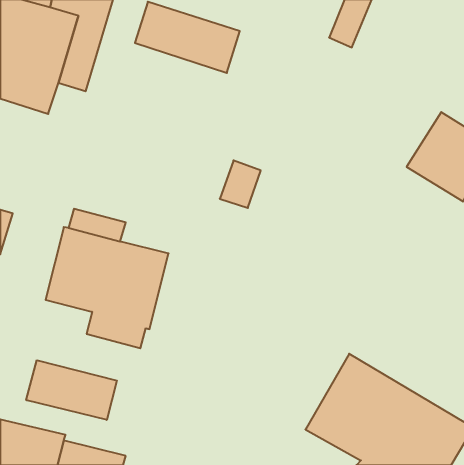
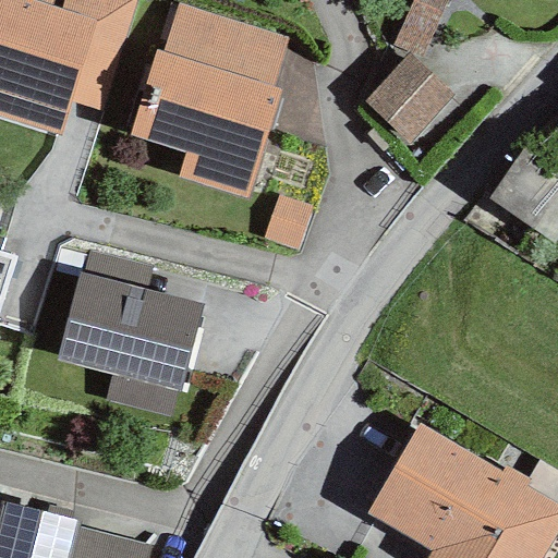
building: none -> [130,50,282,198]
building: none -> [365,54,454,143]
building: [26,360,117,420] -> none

